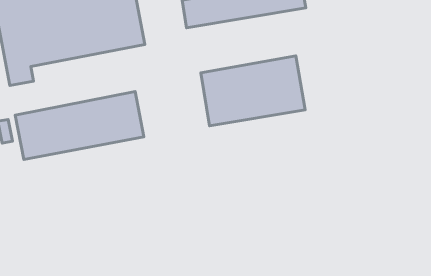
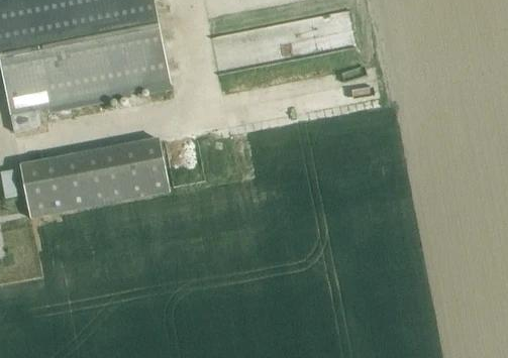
building: [201,56,305,126] -> none

